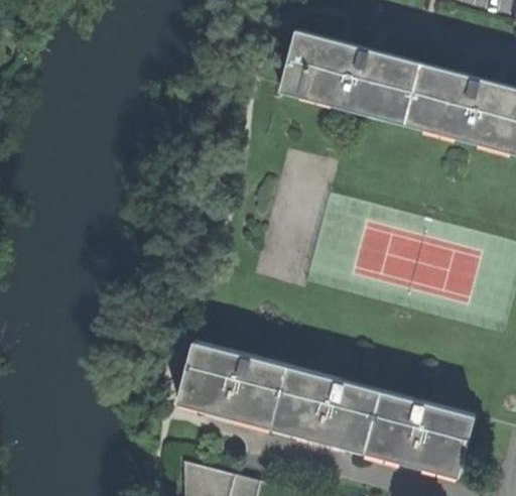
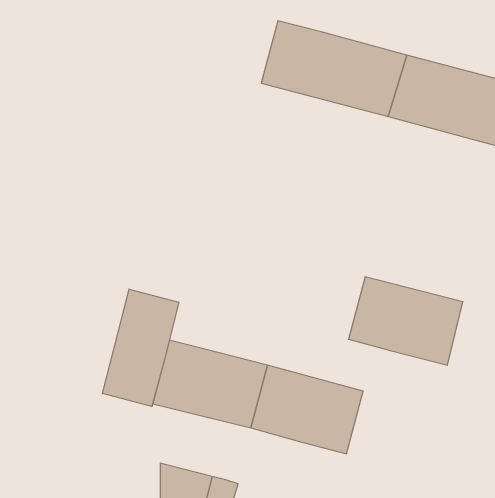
building: none -> [102,289,179,407]
building: [363,391,474,477] -> [348,277,463,365]

